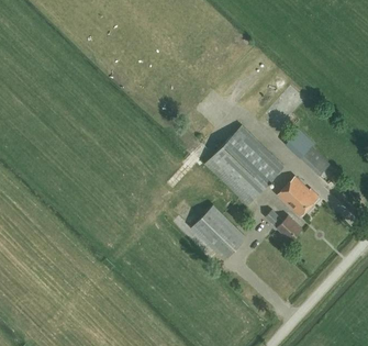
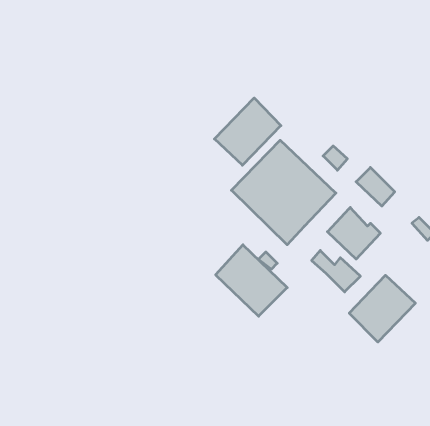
building: none -> [214,98,281,165]
building: none -> [349,275,415,342]

